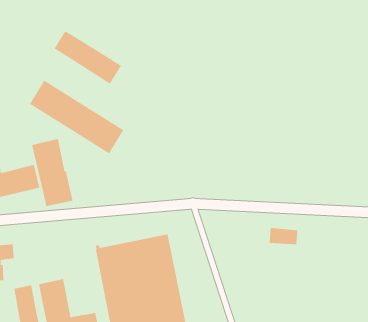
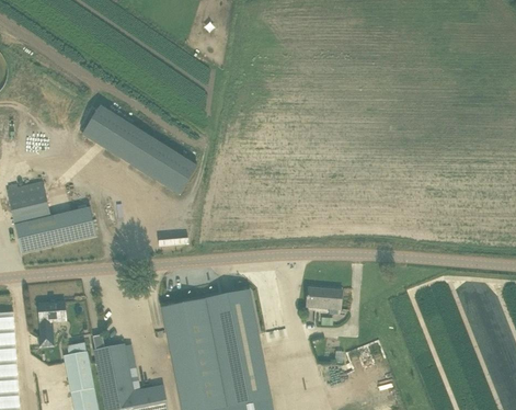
building: [54,31,122,85] -> none
building: [32,138,73,207] -> none
building: [269,228,298,245] -> [306,287,341,308]

